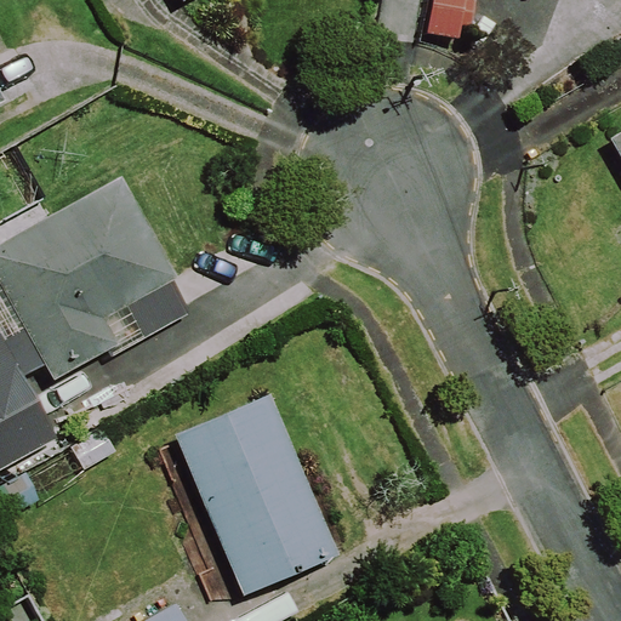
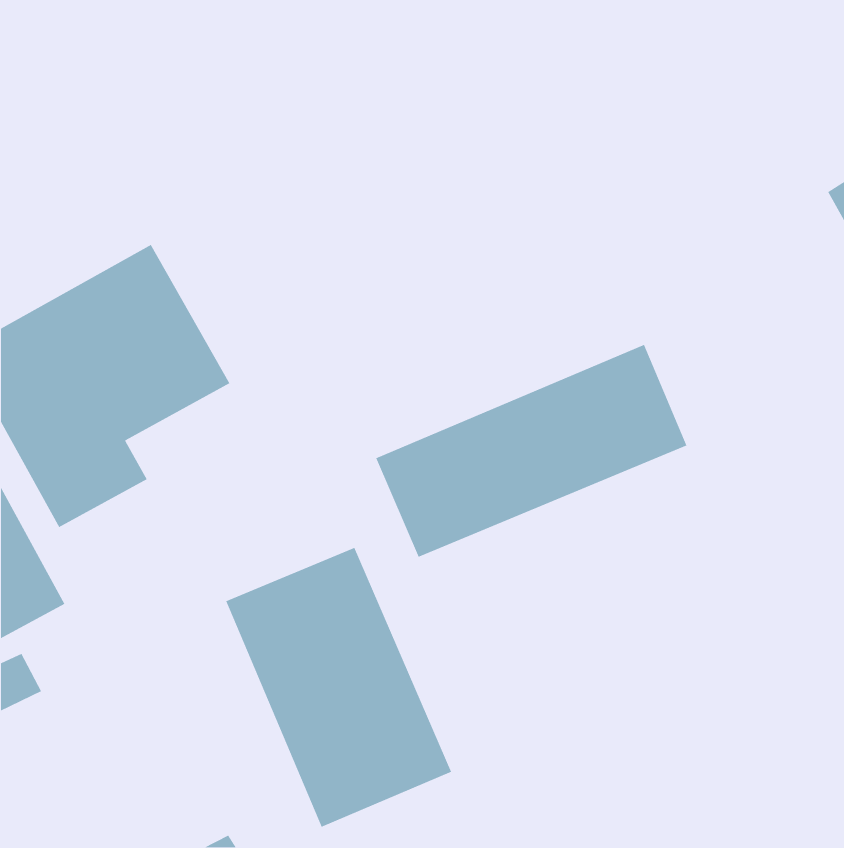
building: none -> [375,344,687,558]

